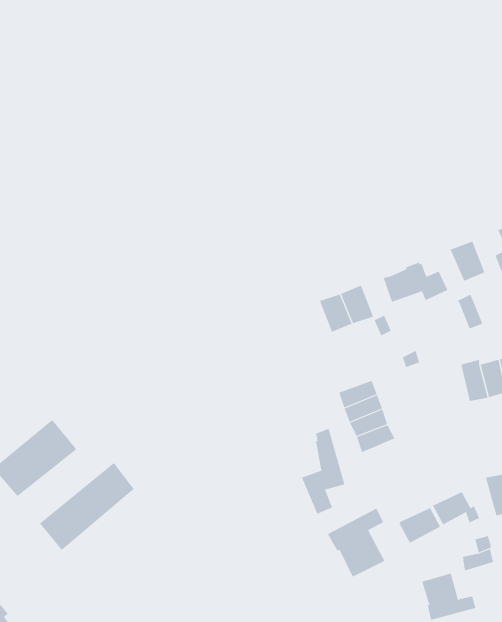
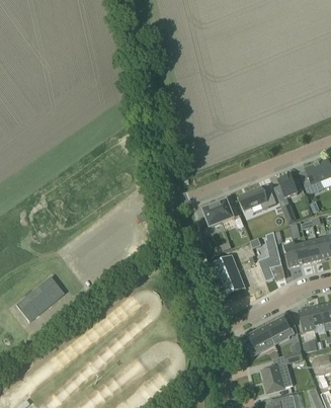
building: [301,428,345,515] -> [257,232,282,281]
building: [39,462,134,551] -> none
building: [327,508,385,578] -> none

